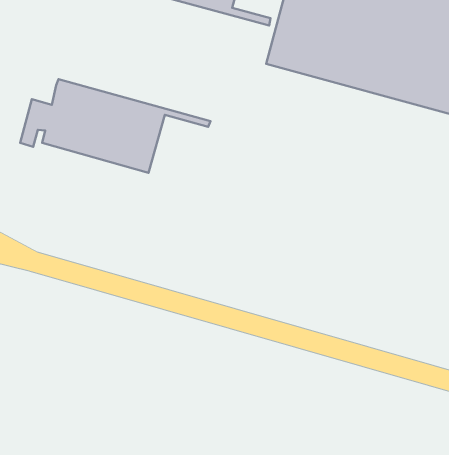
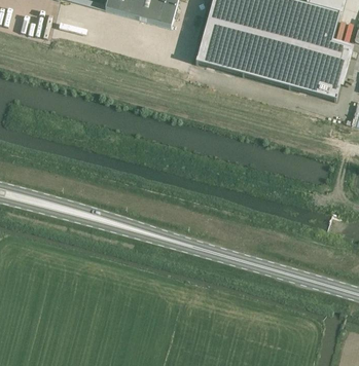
building: [20,79,210,173] -> none

